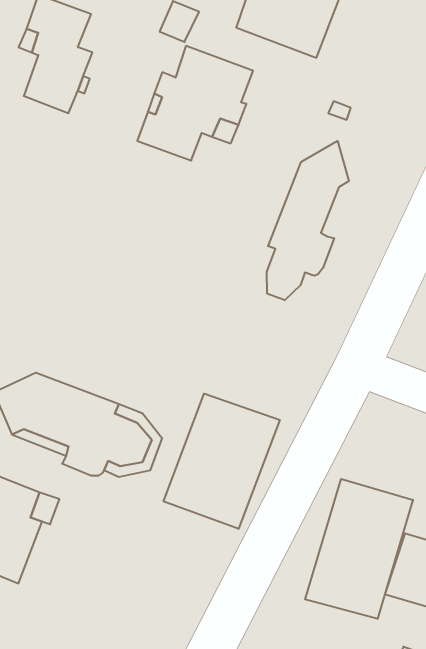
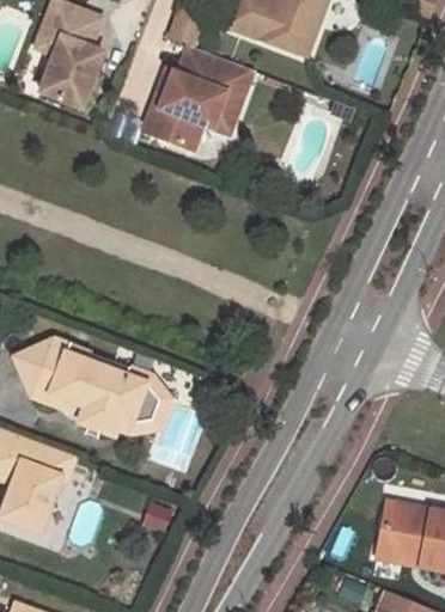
building: [267,141,349,300] -> none
building: [164,394,280,529] -> none
building: [305,479,413,619] -> none

